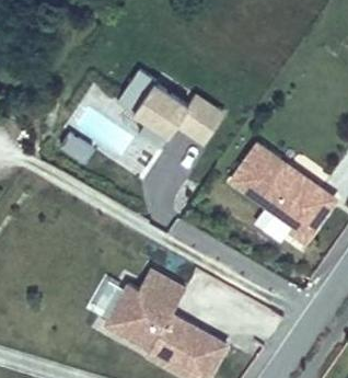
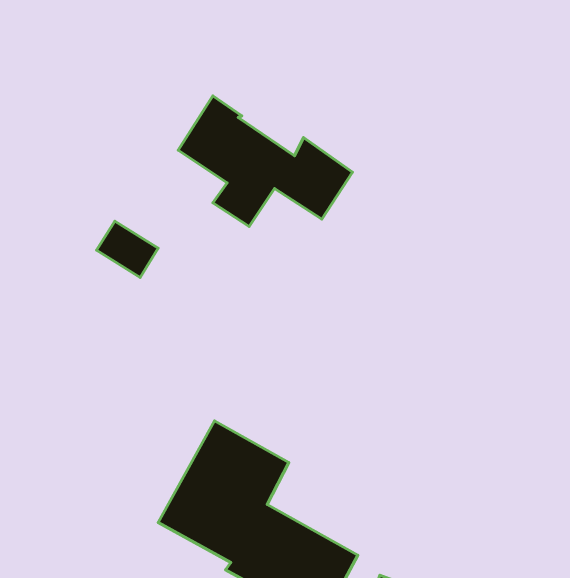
building: [224,139,327,238] -> none

